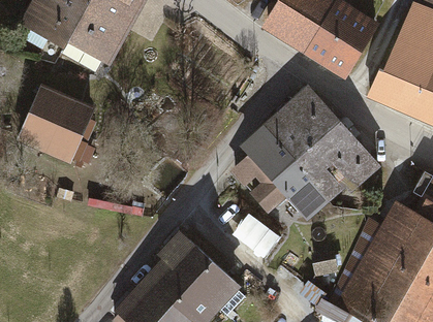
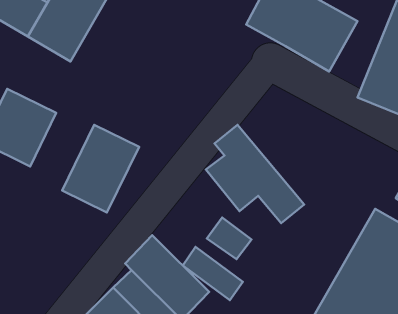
building: [264,88,372,200] -> none
building: none -> [62,125,139,213]
building: none -> [183,247,243,300]

